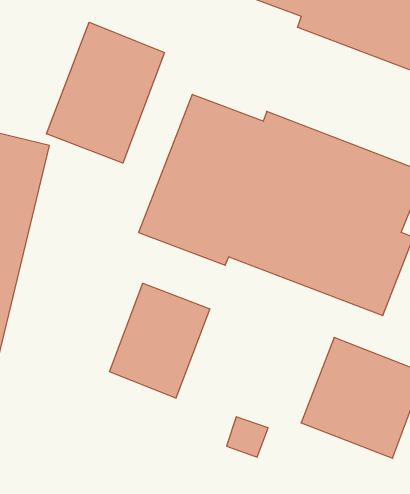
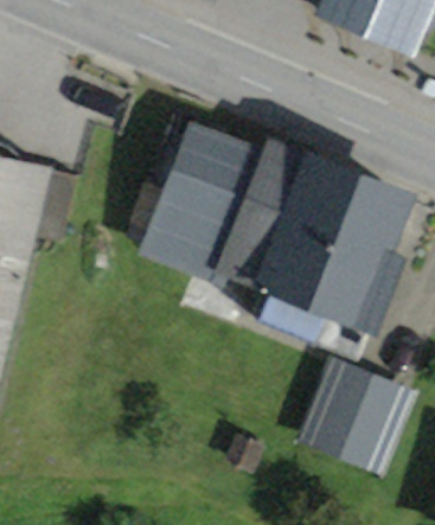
building: [46,22,165,163] -> none
building: [109,283,210,398] -> none

